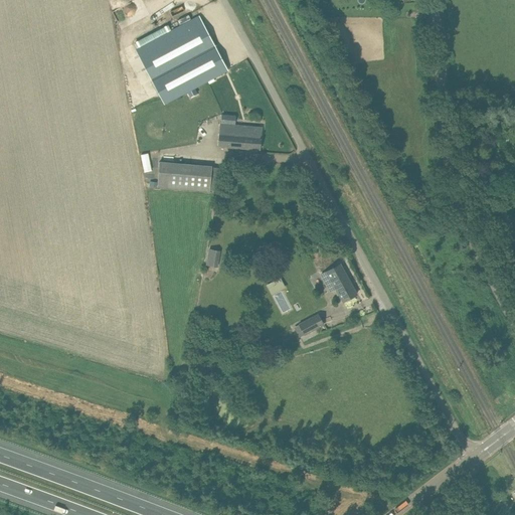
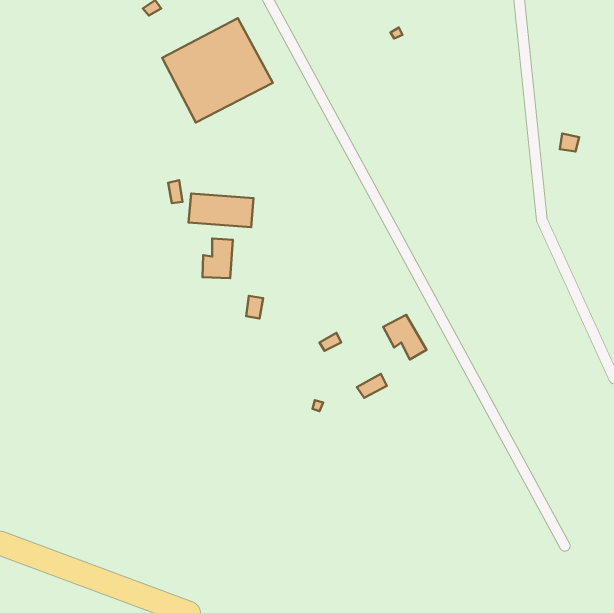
building: [219,123,263,148] -> none
building: none -> [202,238,233,278]

